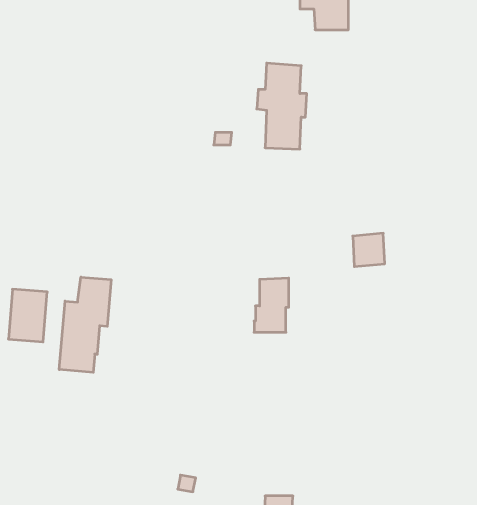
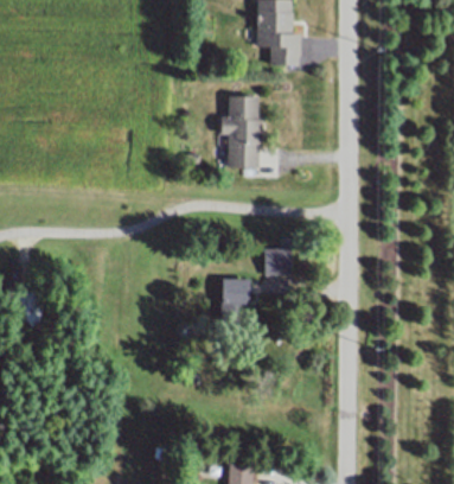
building: [353,233,385,267] -> [264,248,292,276]
building: [59,277,111,372] -> none

